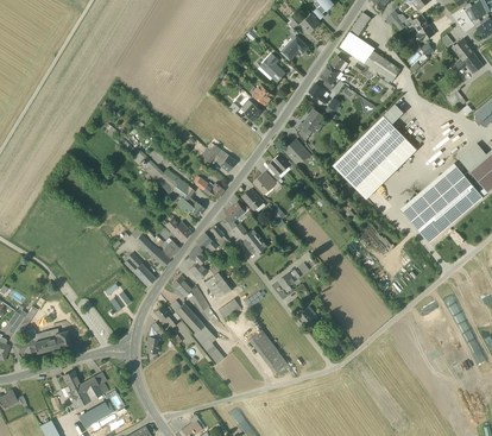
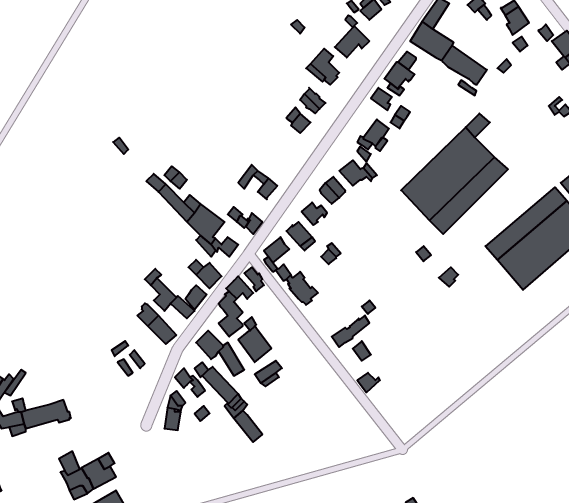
building: [248,329,288,374] -> none

